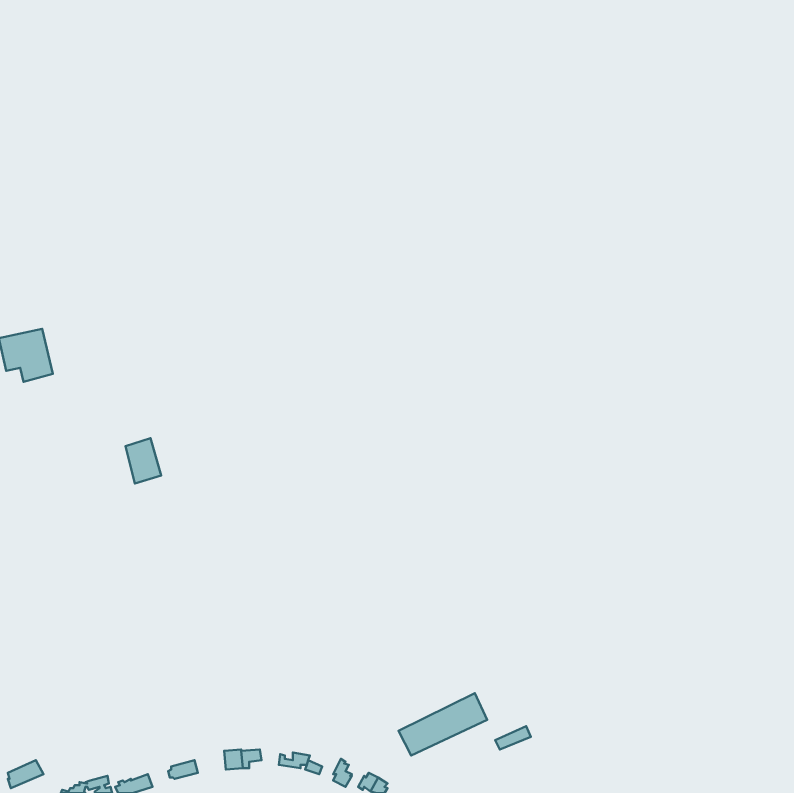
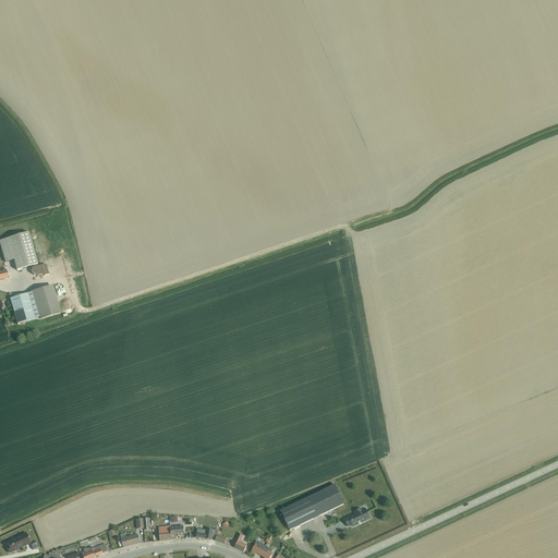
building: none -> [9,291,33,323]
building: [125,438,161,483] -> [32,287,57,318]

